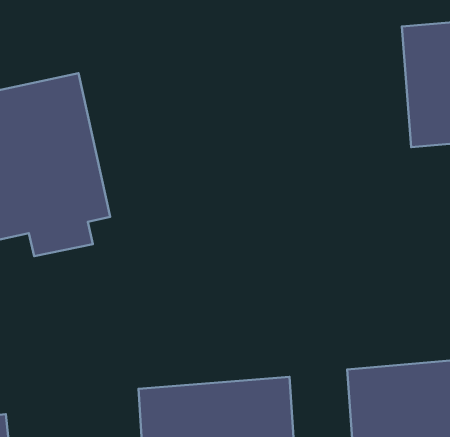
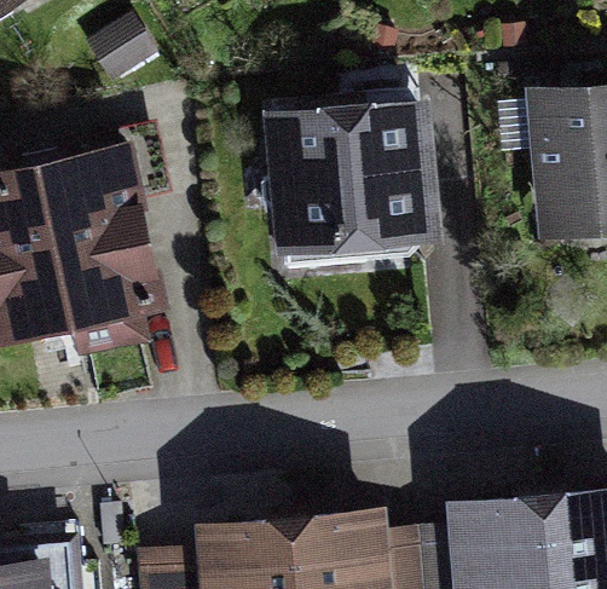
building: none -> [267,97,434,239]

